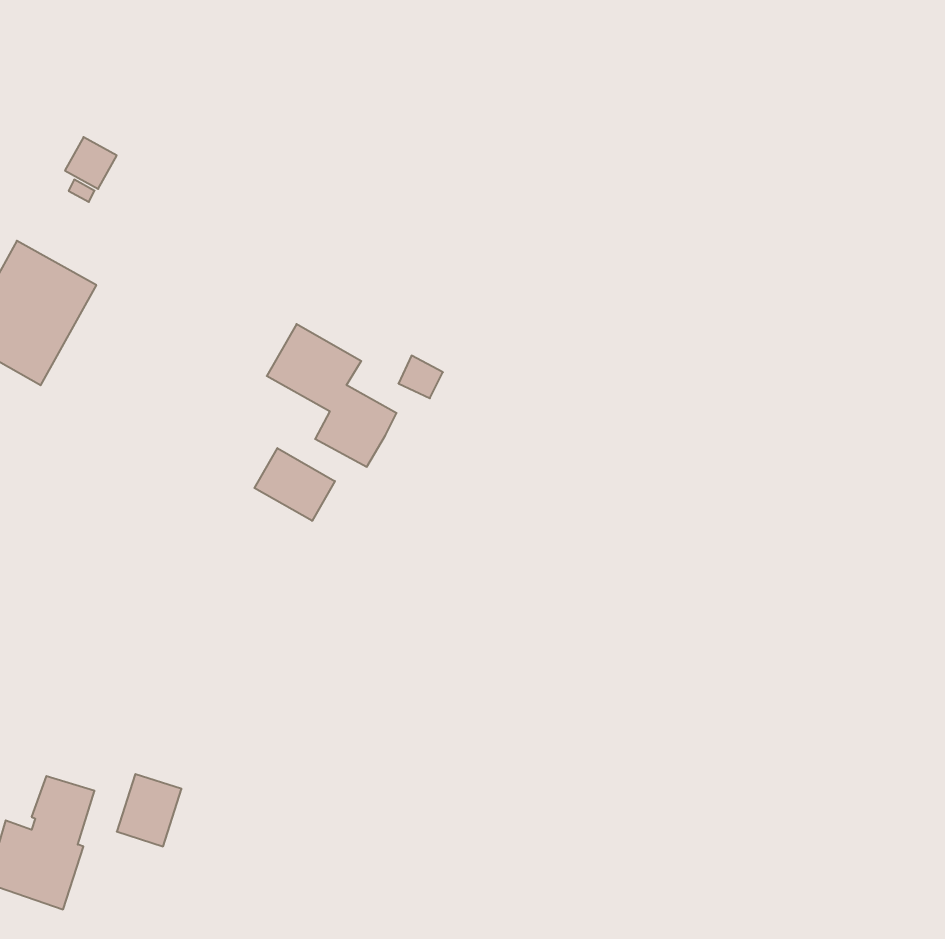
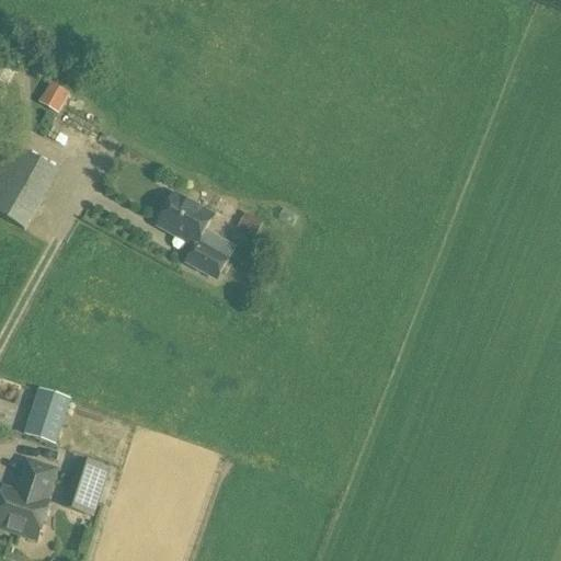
building: [254,448,335,521] -> none
building: none -> [23,387,70,444]

